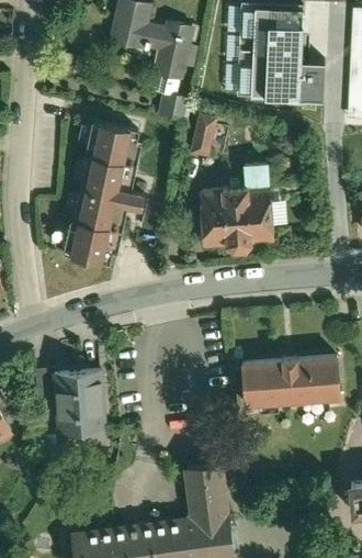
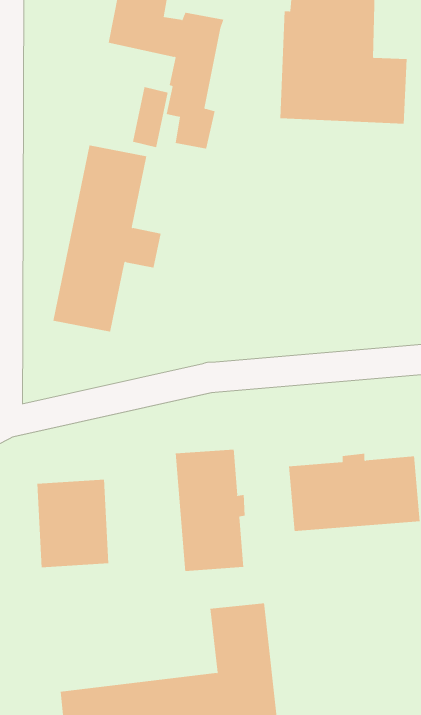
building: [188,113,215,159] -> [132,87,169,148]
building: [197,161,274,255] -> none
building: none -> [175,449,245,572]

